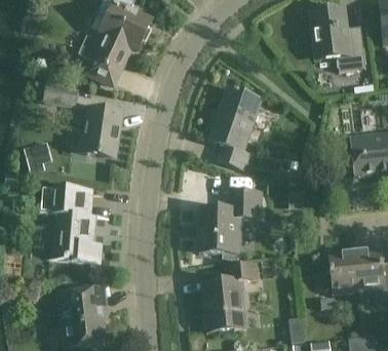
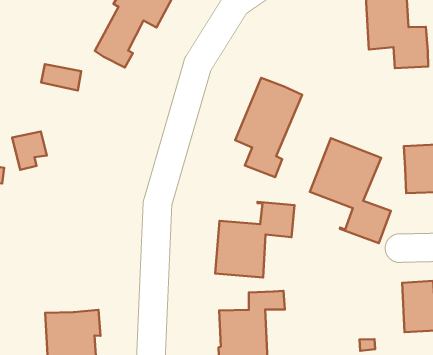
building: [82,106,121,156] -> none
building: none -> [310,138,391,243]
building: [39,186,94,261] -> none
building: [327,249,358,294] -> none

